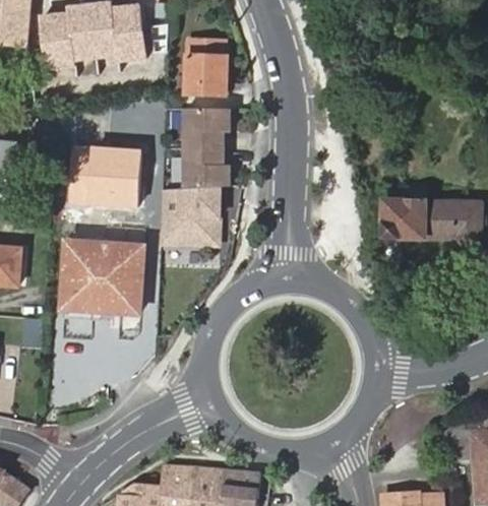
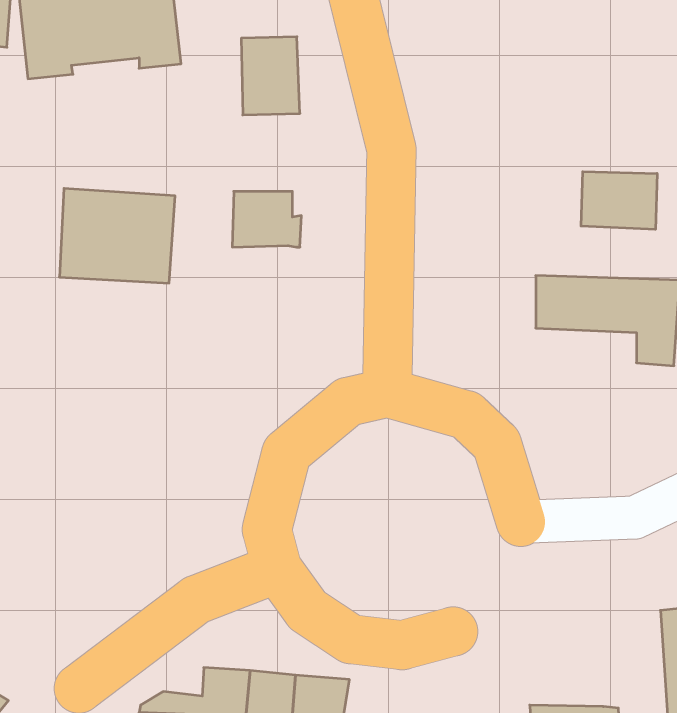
building: [183,106,230,145] -> none
building: none -> [581,172,657,229]
building: [160,182,221,243] -> none
building: [64,243,142,313] -> none

